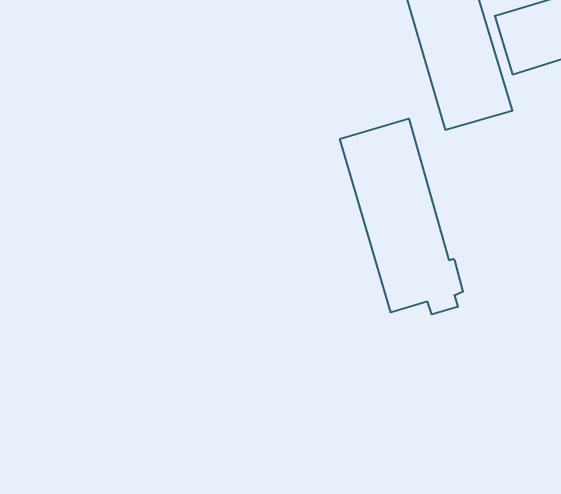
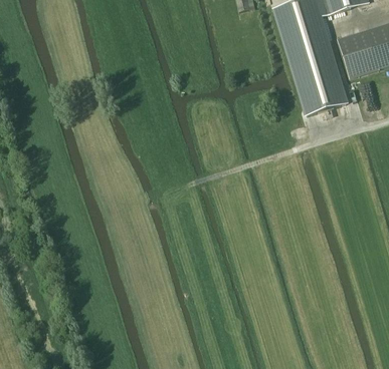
building: [340,119,463,314] -> none

